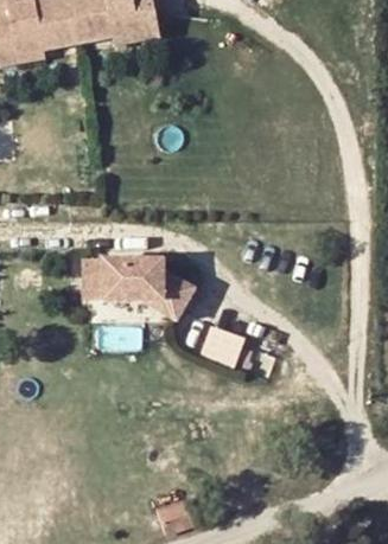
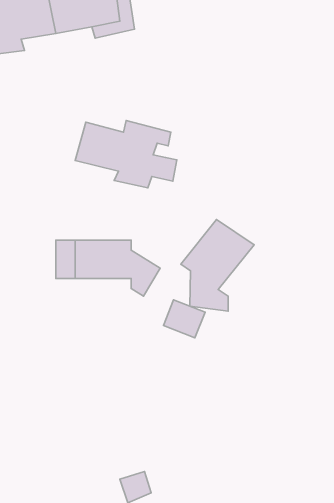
building: none -> [75,120,177,188]
building: none -> [181,220,254,311]

